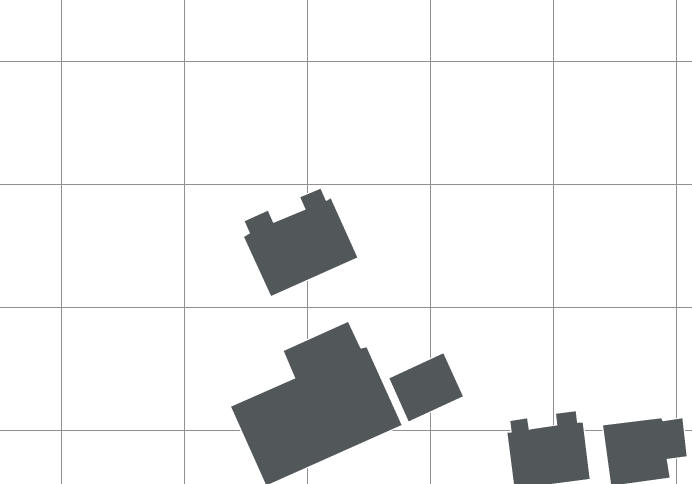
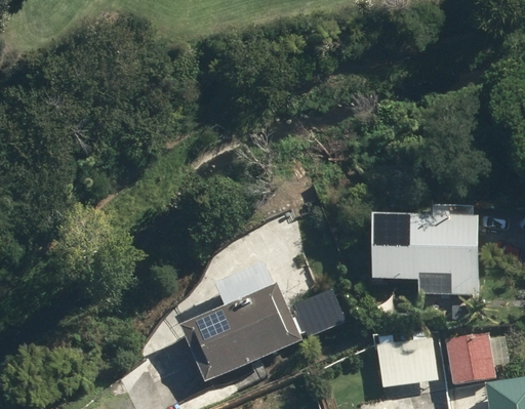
building: [243,188,358,297] -> none
building: none -> [370,204,478,292]

